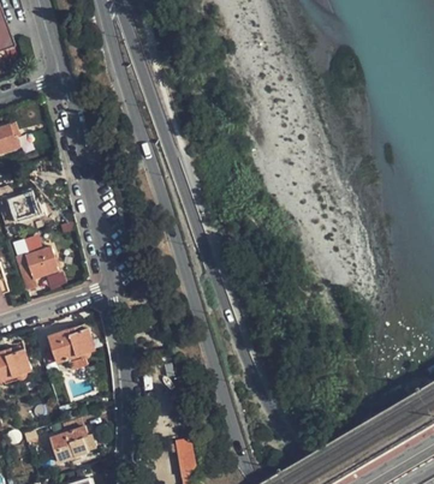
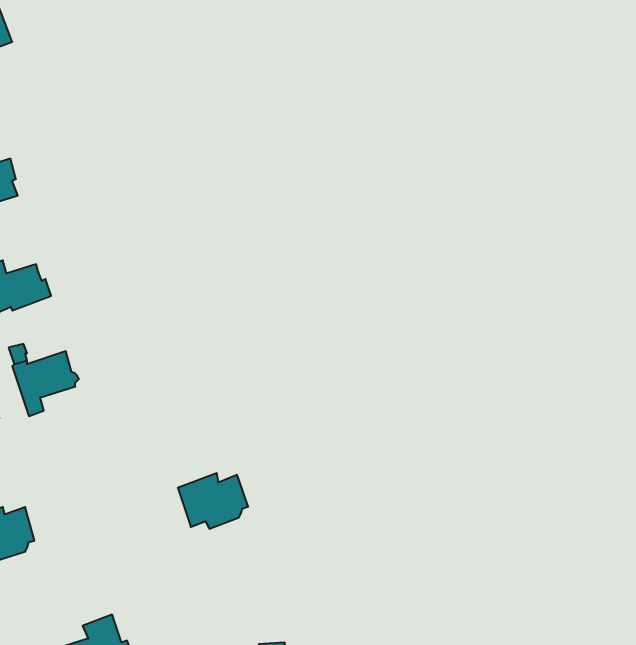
building: [48,327,94,363] -> [178,473,248,529]

